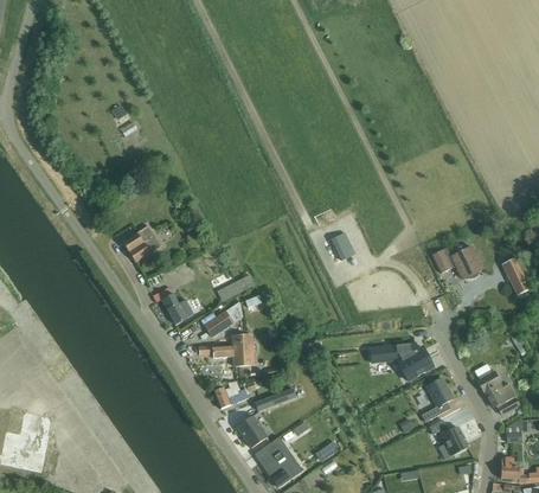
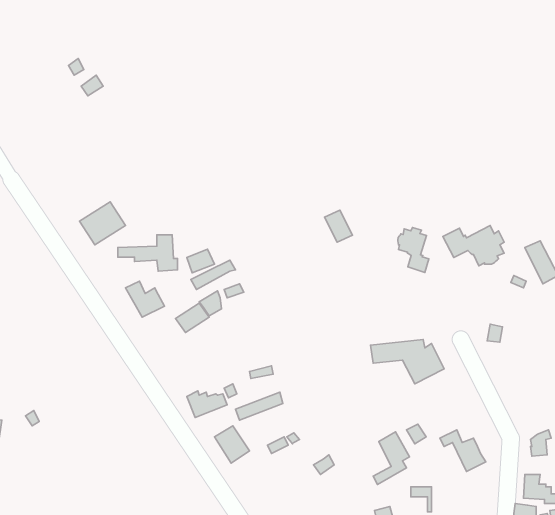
building: none -> [398,227,429,272]
building: [199,335,250,366] -> [118,235,178,271]
building: [477,371,519,415] -> none
building: [422,377,453,422] -> [373,432,409,485]
building: [258,446,296,486] -> none

